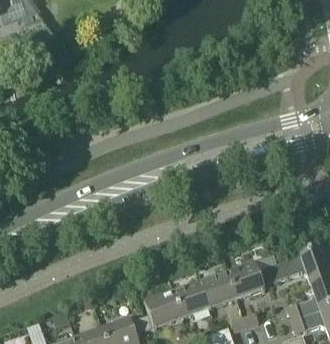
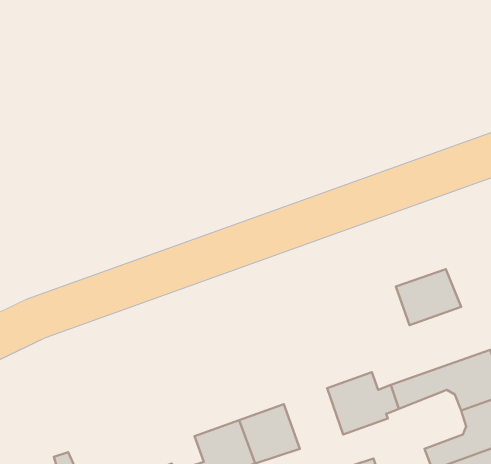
building: none -> [396,269,461,325]
building: [199,271,236,309] -> none

